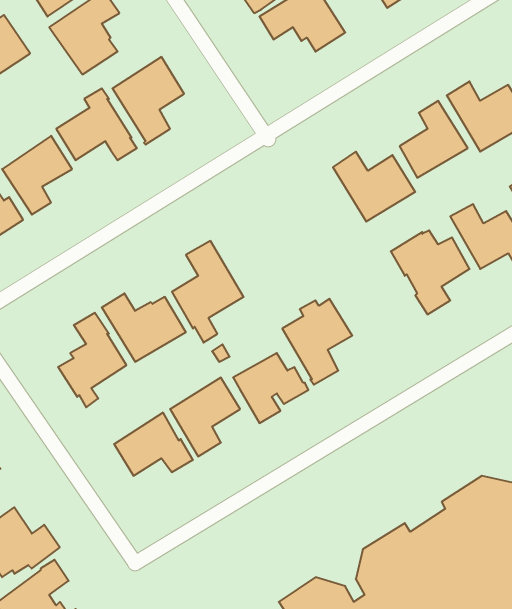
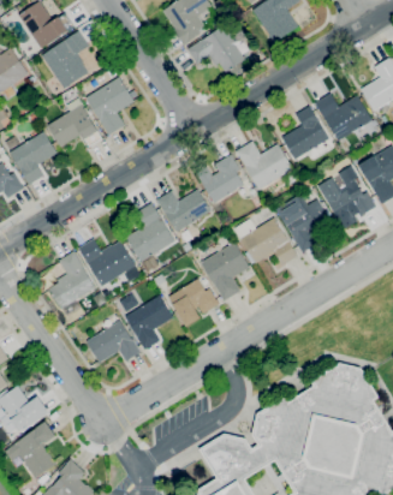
building: none -> [196,154,244,203]
building: none -> [157,189,212,232]
building: none -> [234,217,298,266]

